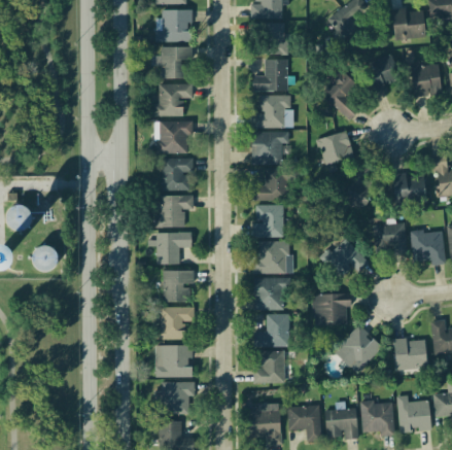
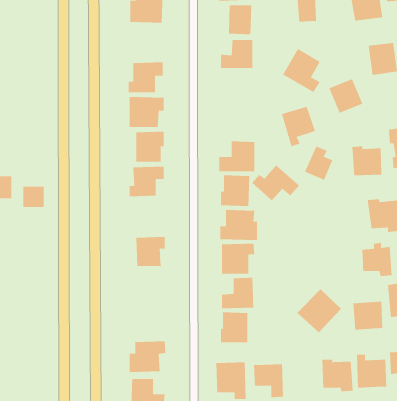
building: [159,46,188,78] -> none
building: [362,56,399,93] -> [328,79,363,113]
building: [252,96,292,128] -> none
building: [251,132,289,165] -> none
building: [375,218,408,254] -> [362,243,392,276]
building: [148,232,193,265] -> none
building: [319,239,371,278] -> [252,164,300,201]
building: [34,247,58,270] -> [22,186,45,207]
building: [313,293,352,325] -> none
building: [160,307,195,340] -> none
building: [155,345,193,377] -> none
building: [325,409,358,439] -> none

